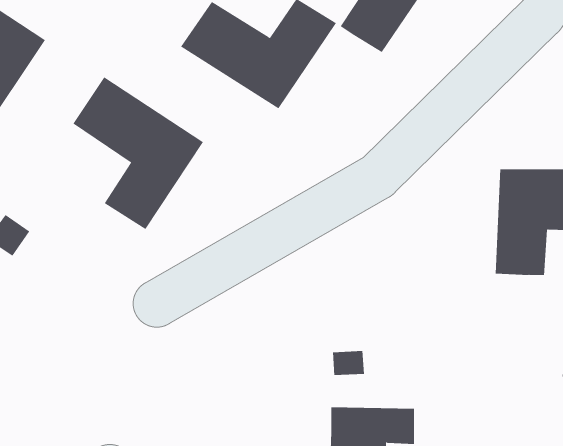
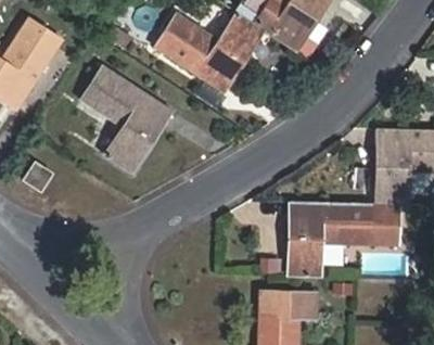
building: none -> [286,201,398,276]

